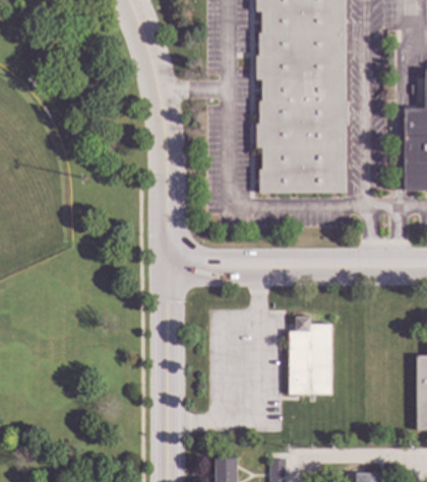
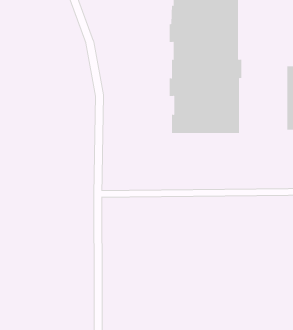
building: [289,318,331,395] -> none

